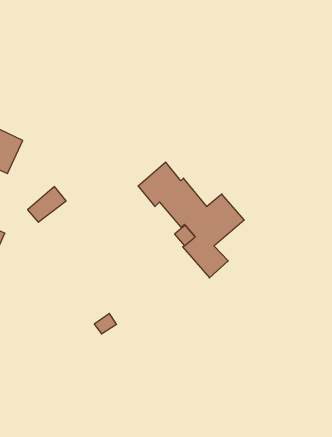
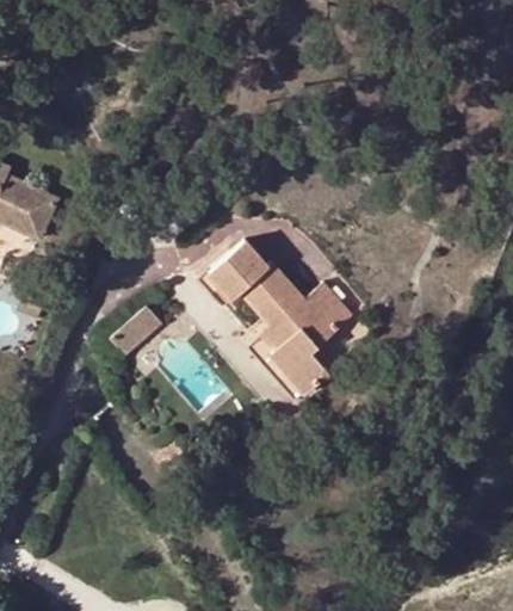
building: [28,187,66,222] -> [107,307,159,354]

